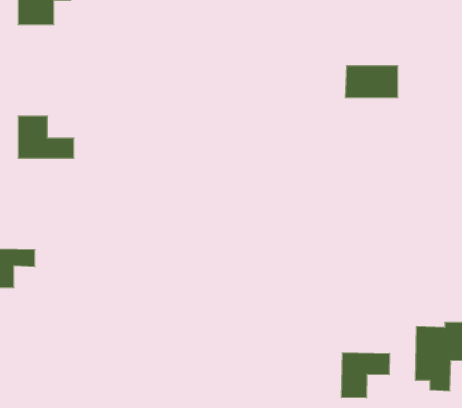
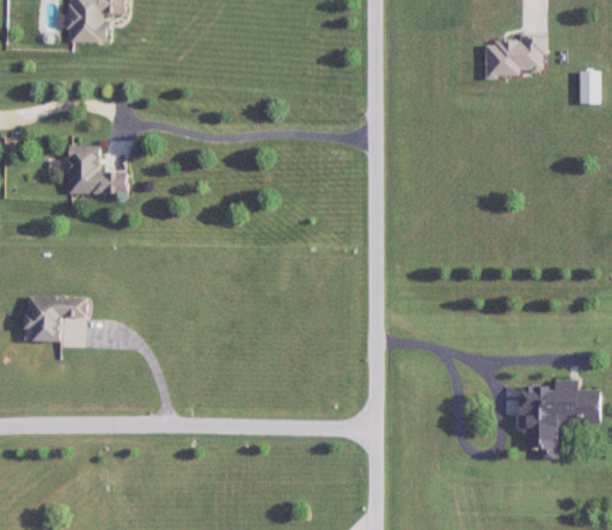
building: [345,66,398,98] -> [482,41,541,77]
building: [342,353,390,398] -> none

